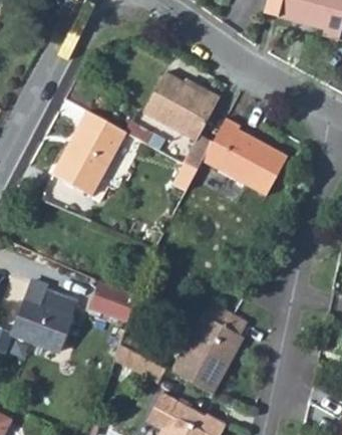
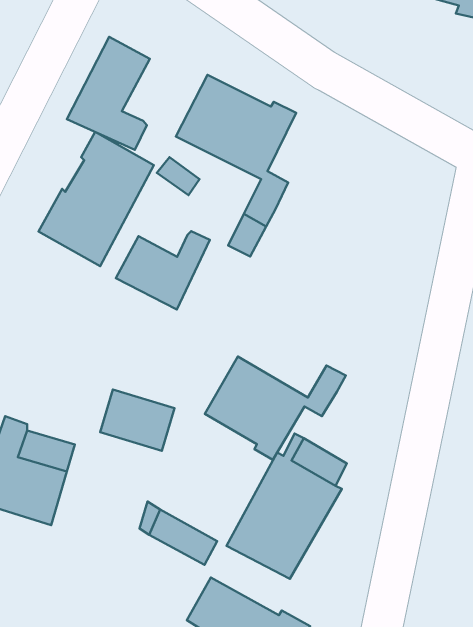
building: none -> [67,37,150,150]
building: [204,115,289,192] -> none
building: none -> [116,231,210,310]
building: none -> [205,357,346,460]

